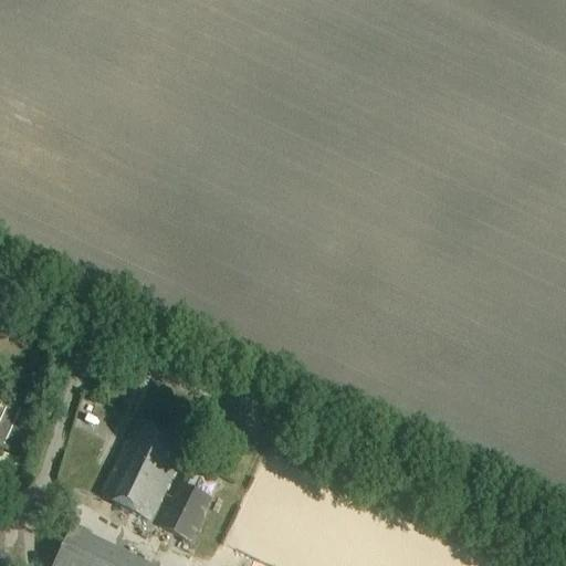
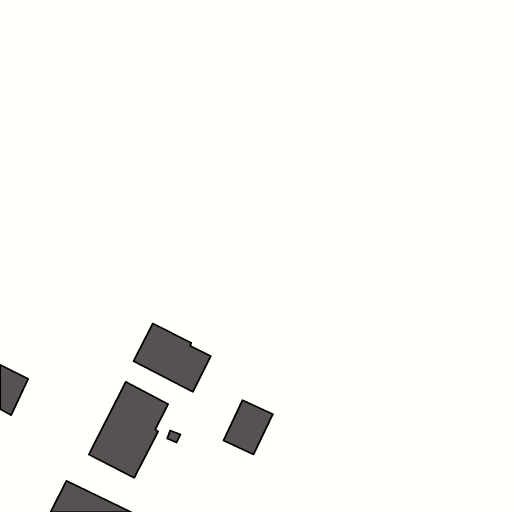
building: none -> [133,324,211,392]
building: [158,482,212,542] -> [223,400,273,454]

